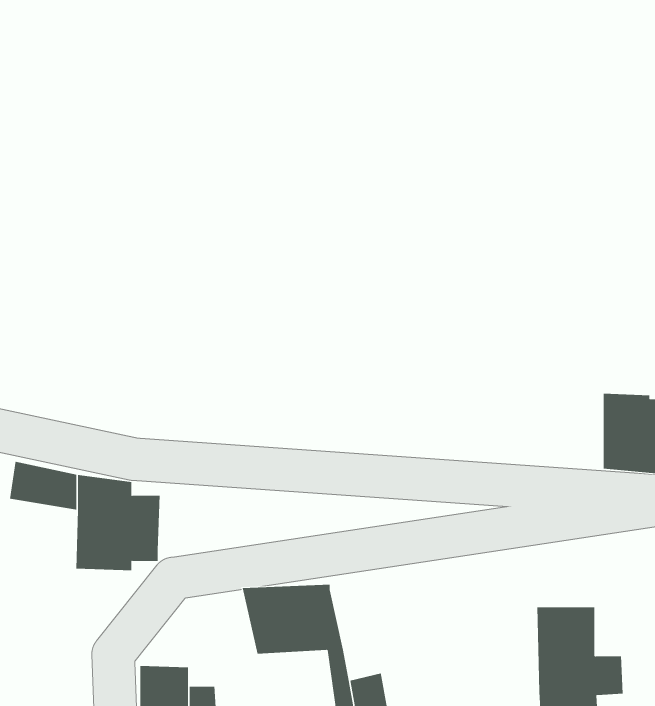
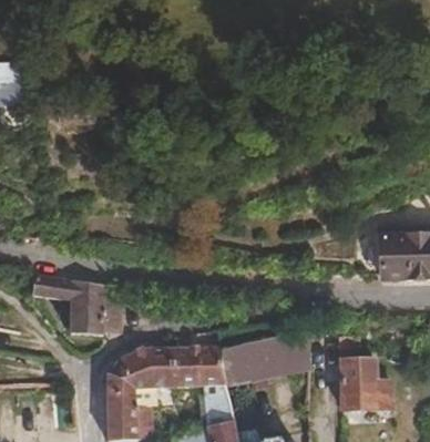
building: none -> [219,330,311,384]
building: none -> [108,348,176,394]

